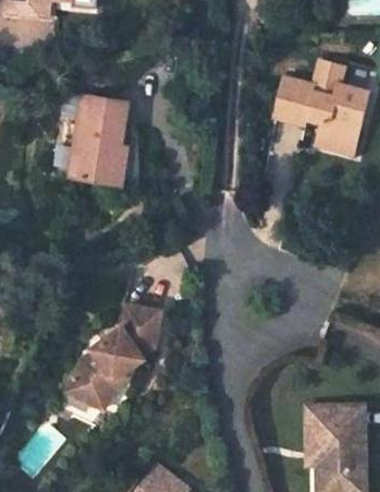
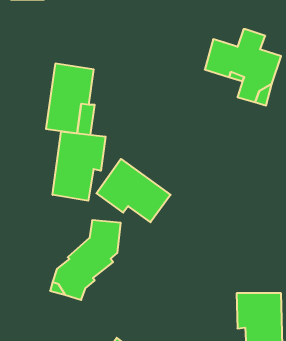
building: none -> [53,132,106,201]
building: none -> [96,159,171,222]

